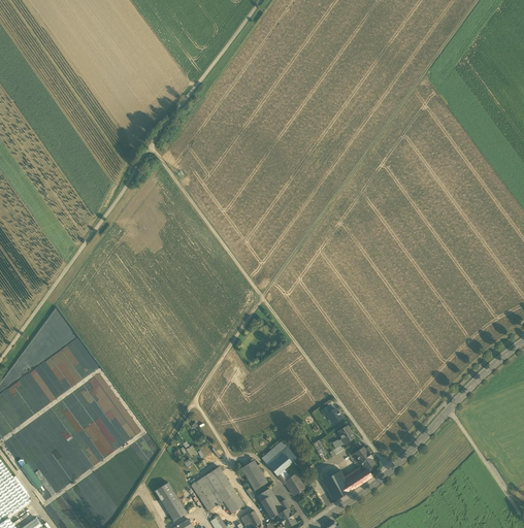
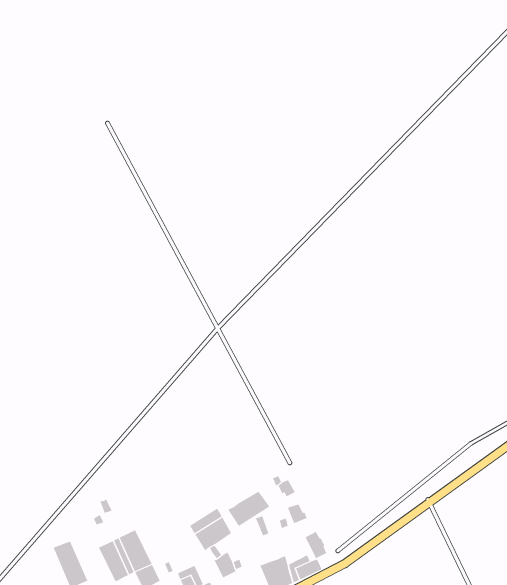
building: none -> [228,491,270,527]
building: [240,460,267,490] -> none

